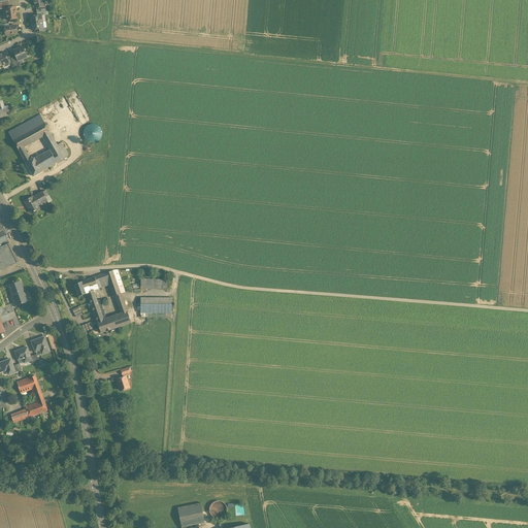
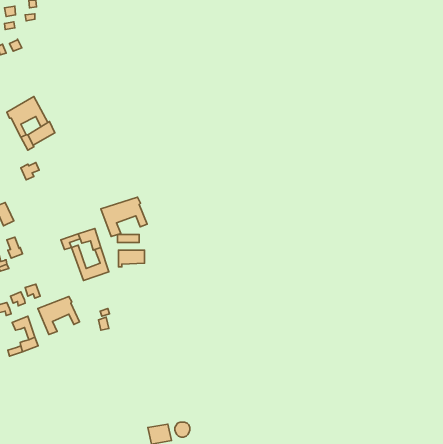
building: none -> [101,197,147,236]
building: none -> [38,296,79,334]

